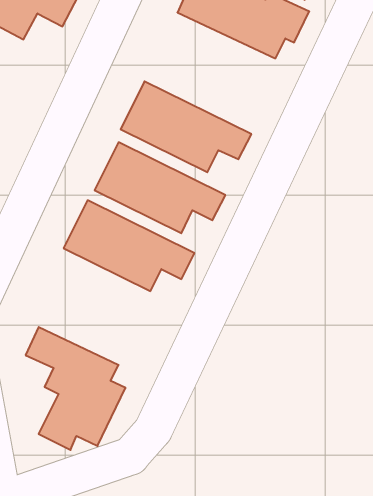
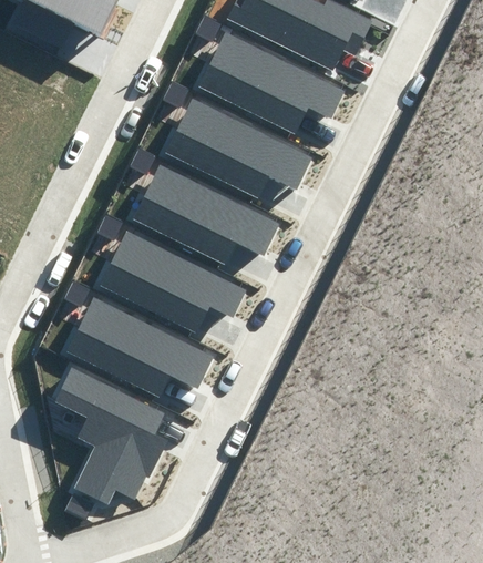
building: none -> [199,33,343,133]
building: none -> [64,297,209,398]

